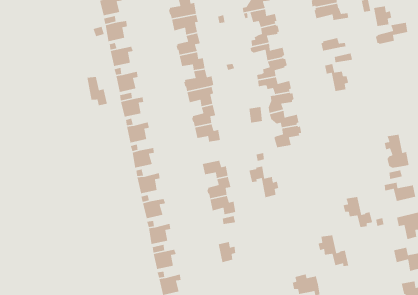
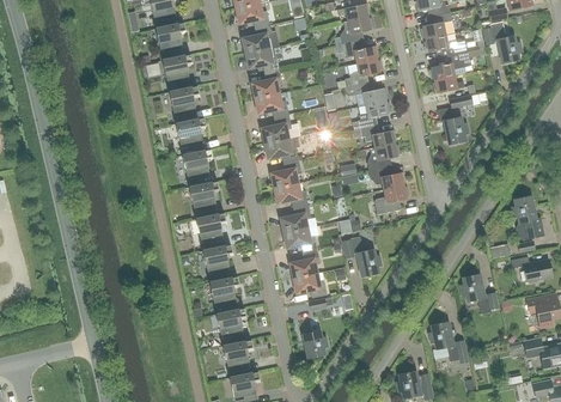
building: [375,22,408,45] -> [428,51,470,80]
building: [86,76,108,106] -> none
building: none -> [280,205,311,233]

